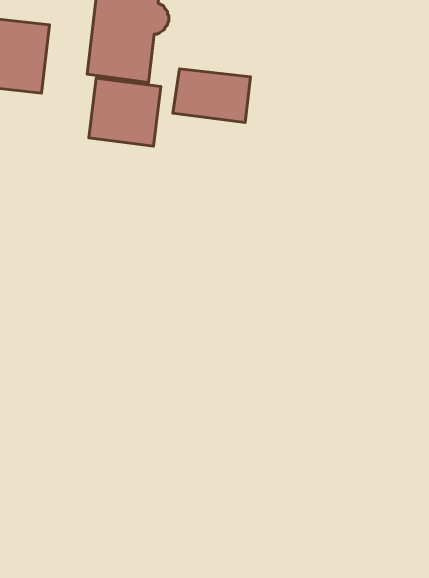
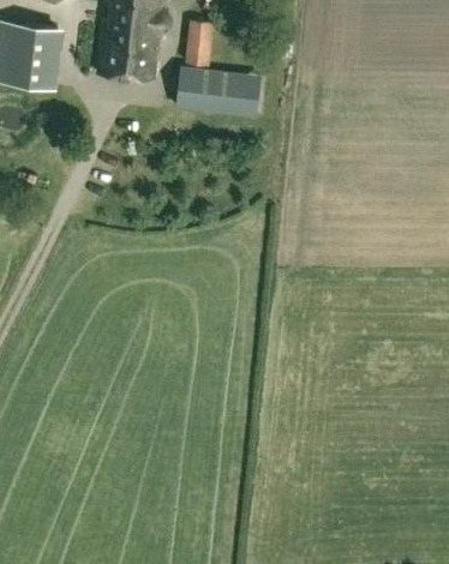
building: none -> [185,20,214,66]
building: [89,78,161,146] -> none

